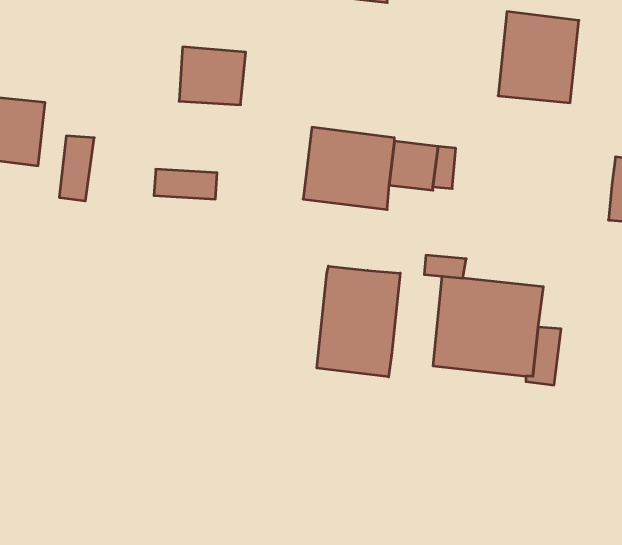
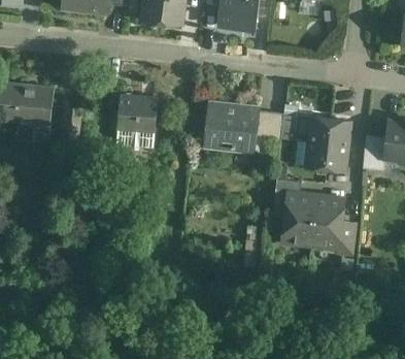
building: [498,12,579,103] -> [303,117,350,170]
building: [179,47,246,105] -> [117,95,157,129]
building: none -> [362,134,385,169]
building: [317,266,400,377] -> none

